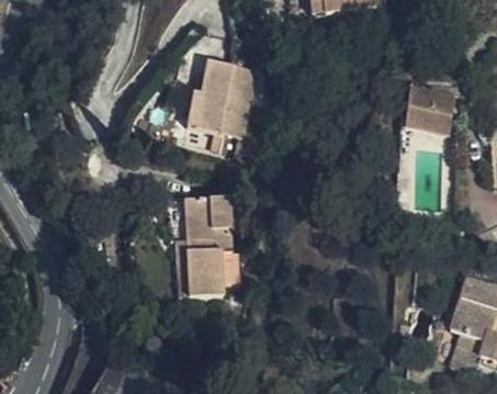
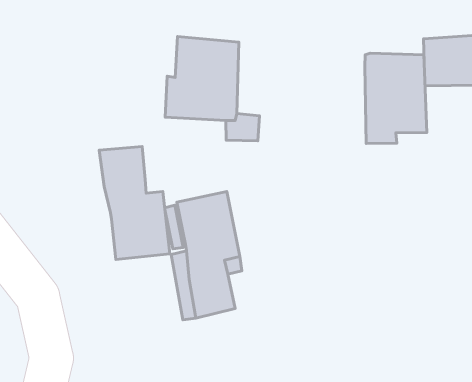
building: none -> [365,53,427,144]
building: none -> [99,147,170,259]

